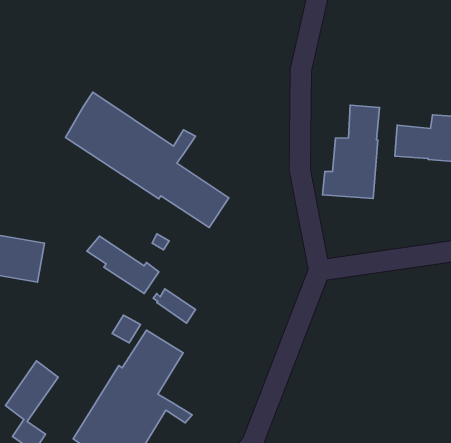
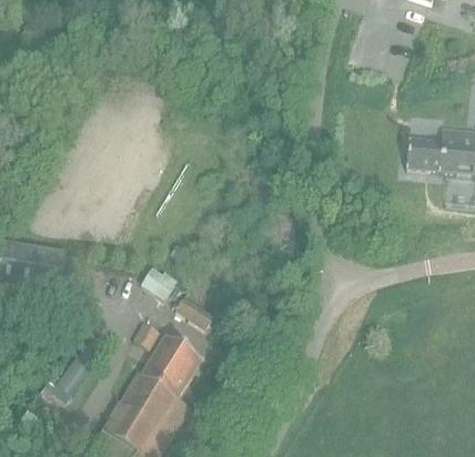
building: [66,92,229,228] -> none
building: [322,105,379,198] -> none

